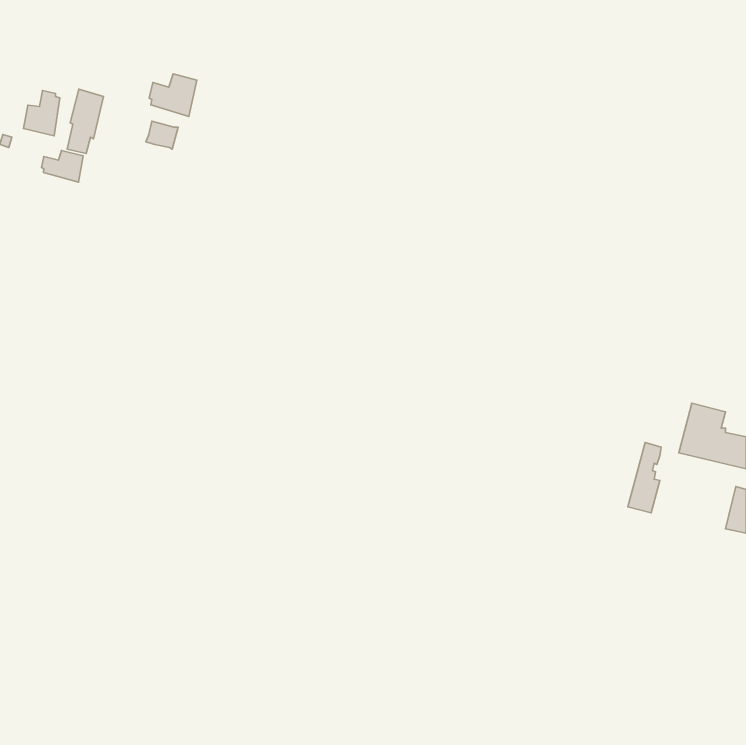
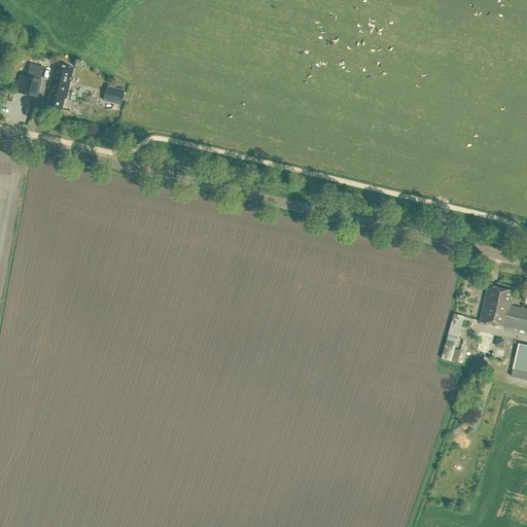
building: [149,74,197,117] -> none
building: [41,151,83,182] -> none

